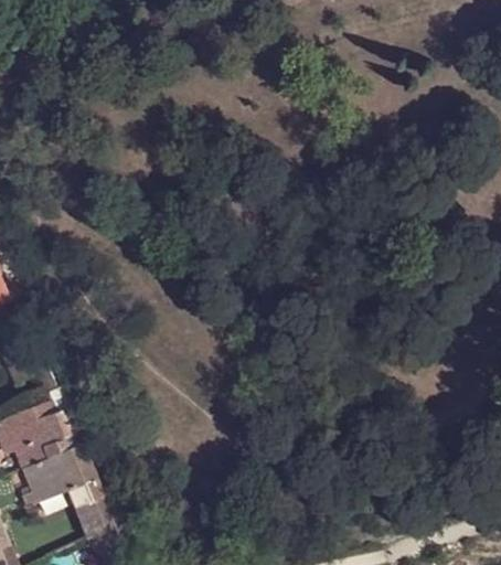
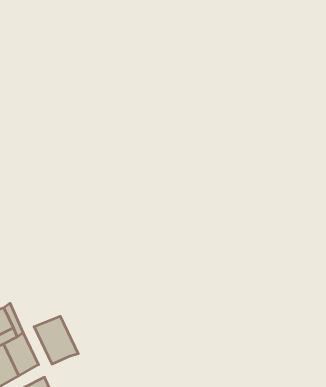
building: none -> [34,316,78,364]

